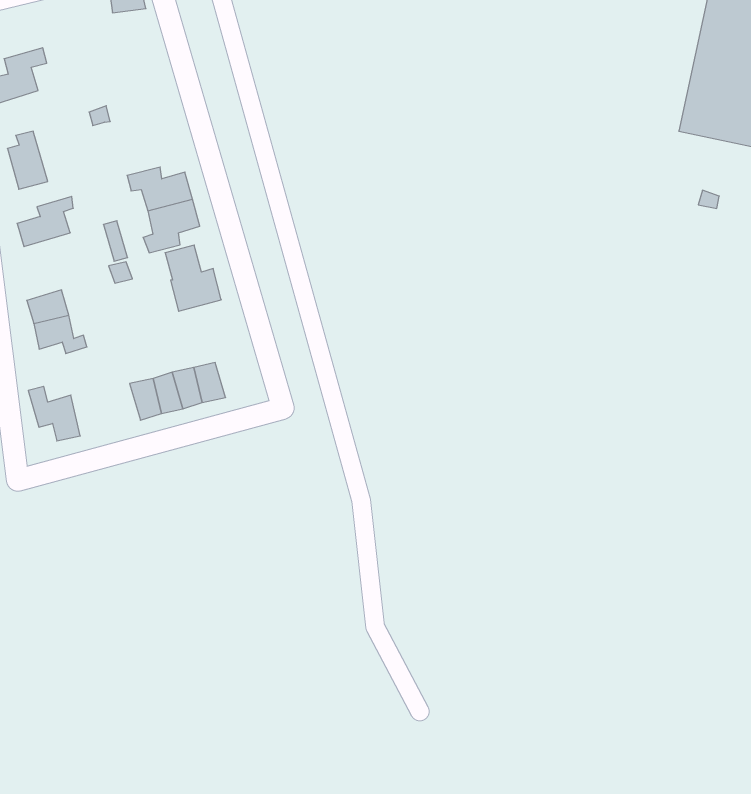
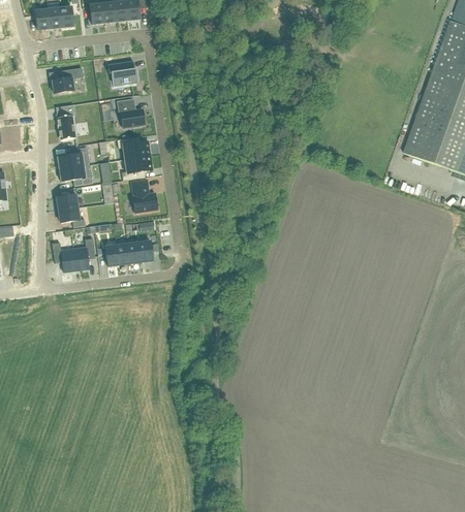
building: none -> [107,60,138,86]
building: none -> [117,98,145,126]
building: none -> [59,164,92,185]
building: none -> [73,237,95,269]

